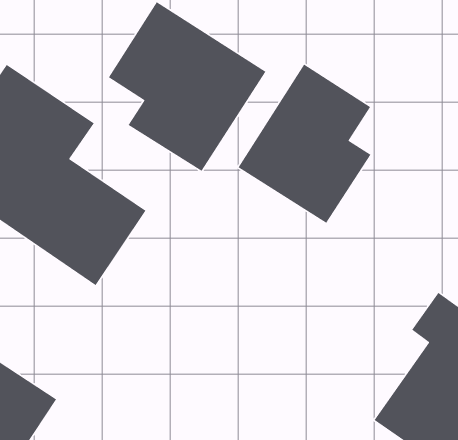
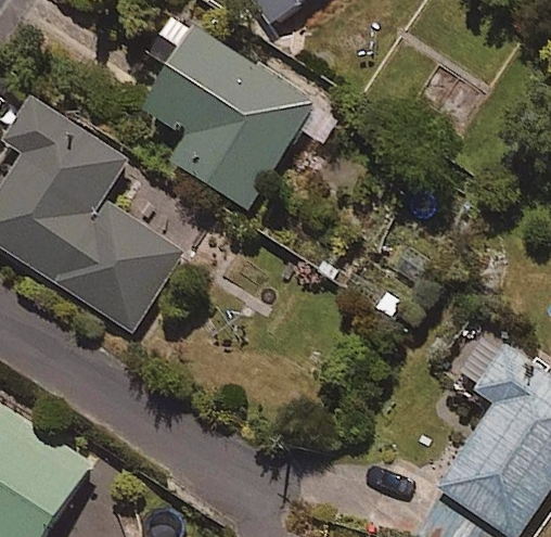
building: [237,63,372,224] -> none

